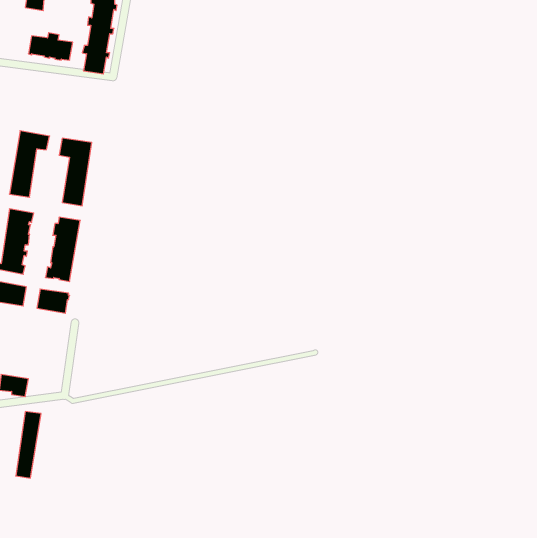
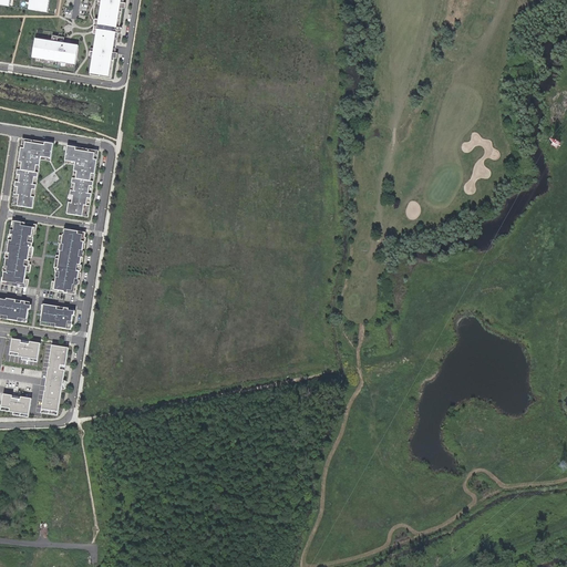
building: none -> [8,338,39,361]
building: [16,412,41,478] -> [40,344,66,414]

